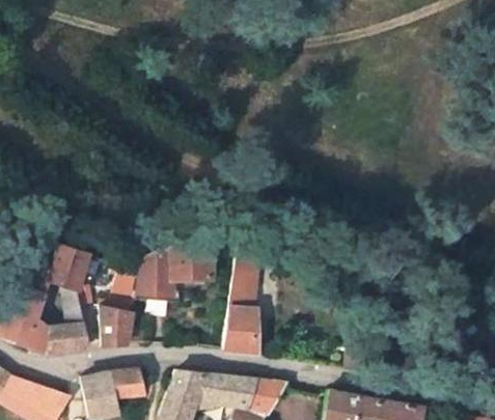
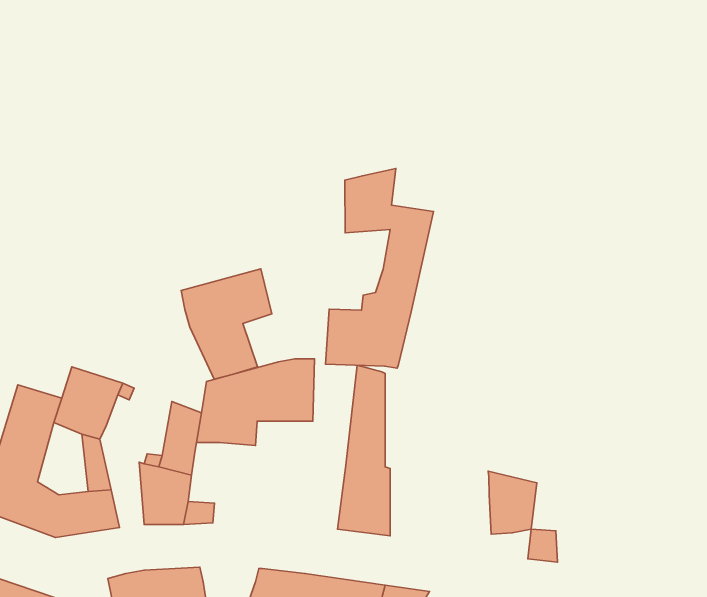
building: none -> [325,168,433,368]
building: none -> [181,269,272,379]
building: none -> [488,471,537,534]

